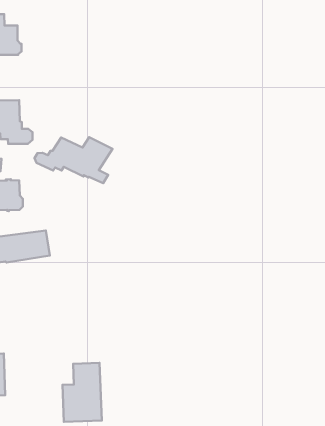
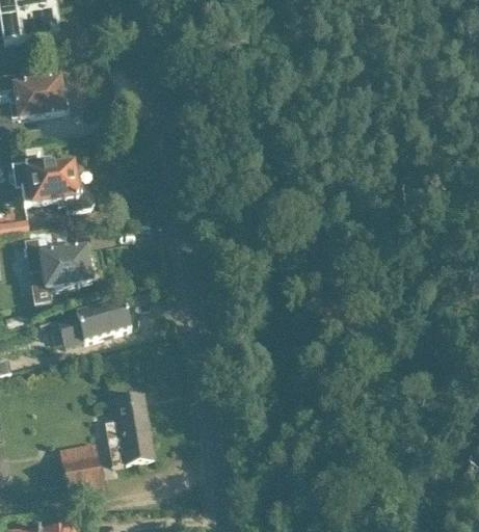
building: [35,137,113,183] -> none
building: [63,363,102,422] -> [106,392,155,462]

